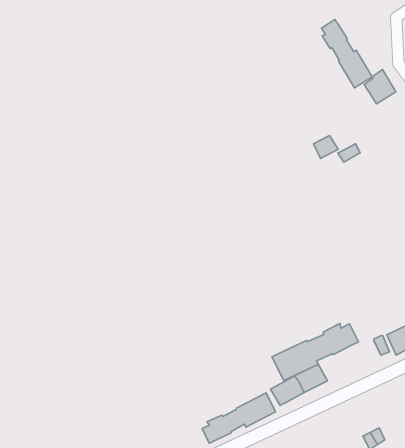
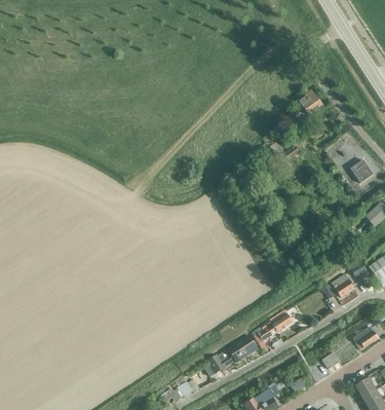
building: [322,20,372,88] -> none
building: [272,323,359,380] -> none

